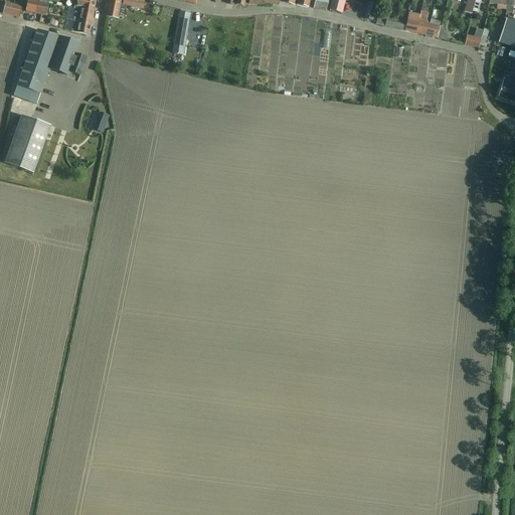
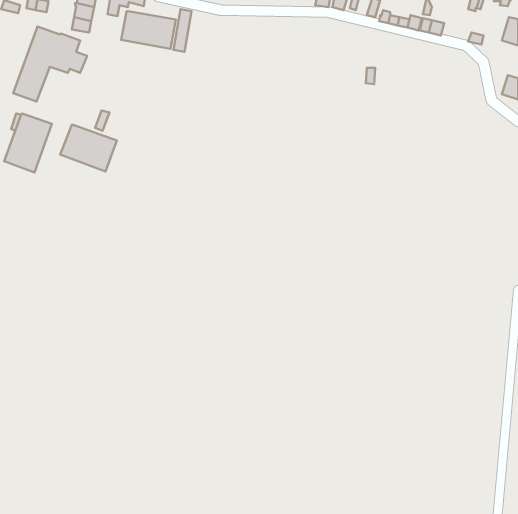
building: none -> [121,11,176,49]
building: none -> [60,125,117,172]

